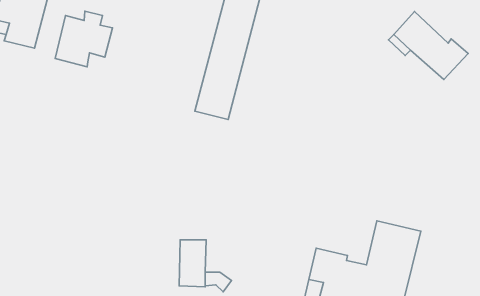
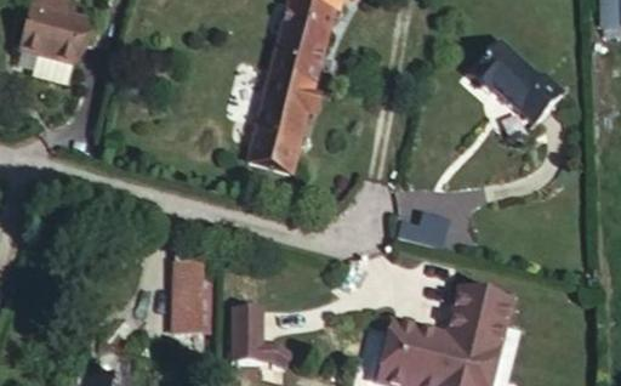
building: [55,11,112,67] -> none
building: none -> [177,263,206,334]

